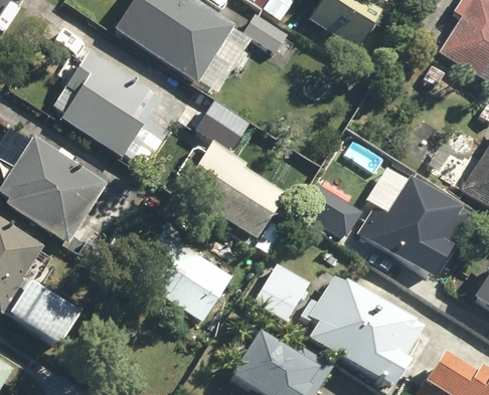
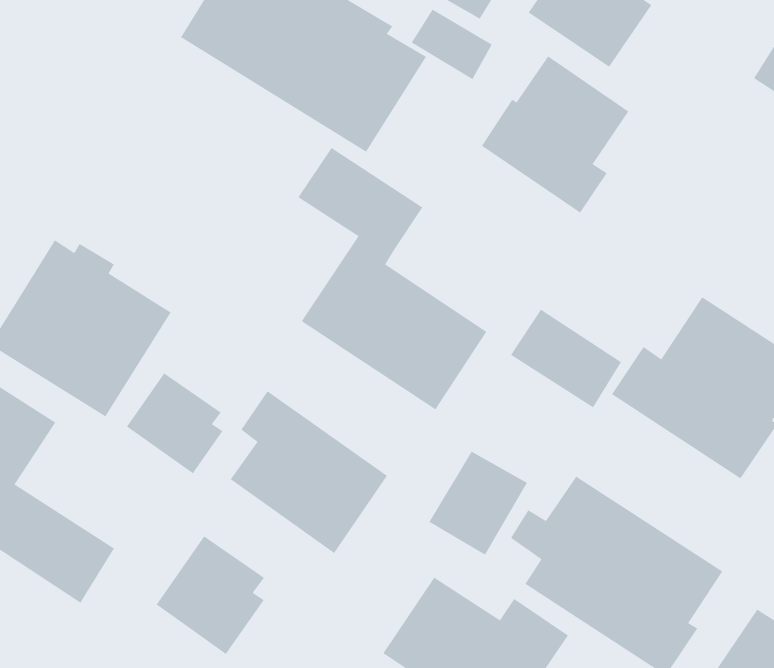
building: none -> [481,56,629,214]
building: [53,51,169,168] -> none
building: none -> [126,372,223,474]
building: none -> [156,536,265,655]

